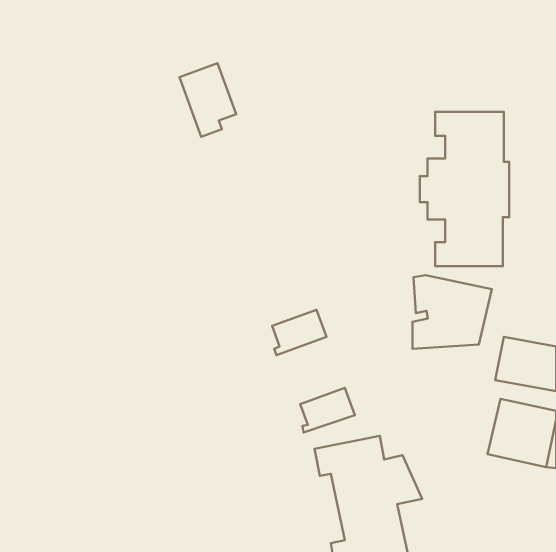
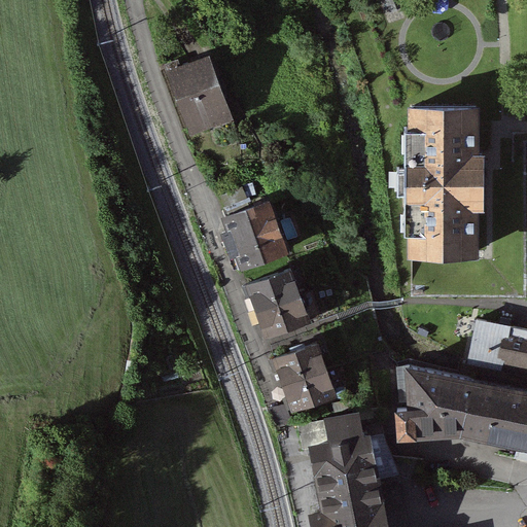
building: none -> [223,205,286,269]
building: [413,275,492,349] -> [398,367,473,437]
building: none -> [242,272,300,312]
building: none -> [270,346,326,386]

